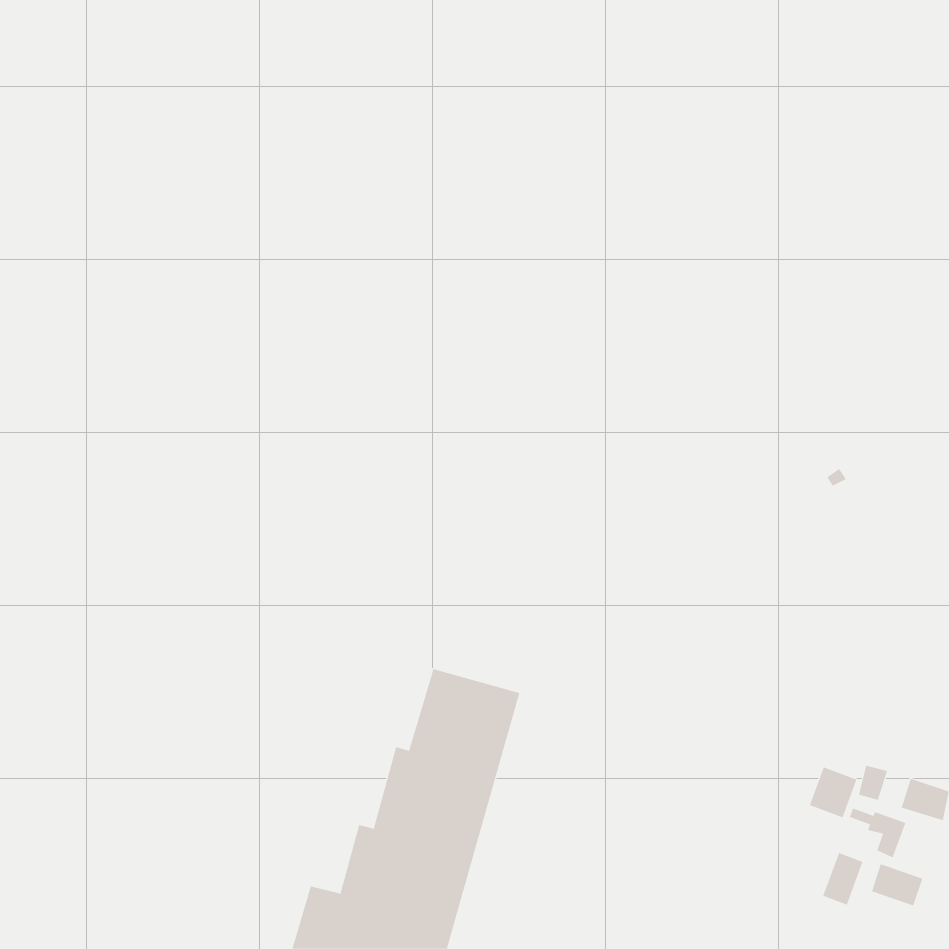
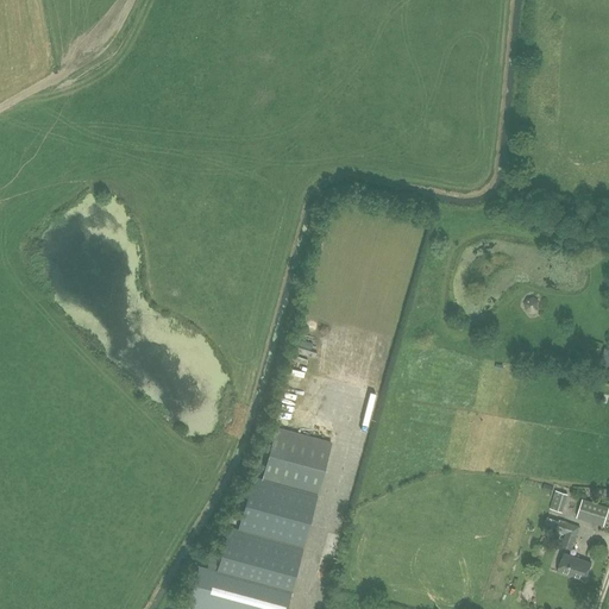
building: [809,766,857,818] -> none
building: [823,852,863,905] -> none

